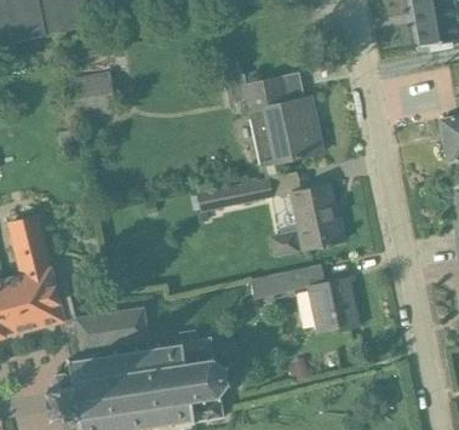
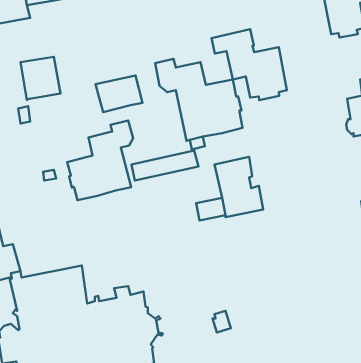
building: none -> [212,29,287,100]
building: none -> [95,75,143,112]
building: none -> [67,121,133,200]
building: [251,264,358,329] -> none

